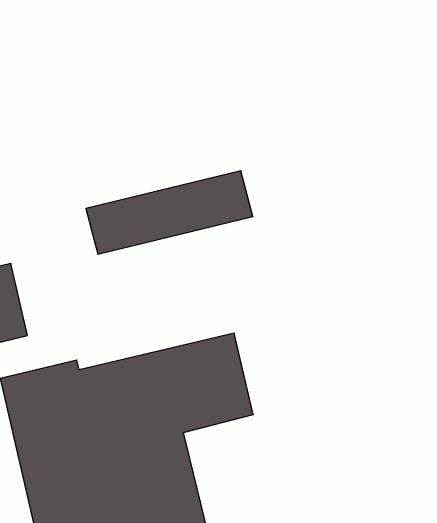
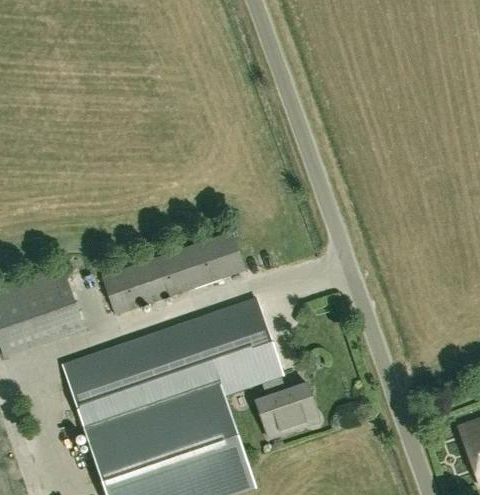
building: [86,171,253,254] -> [102,231,245,314]
building: none -> [255,375,319,437]

